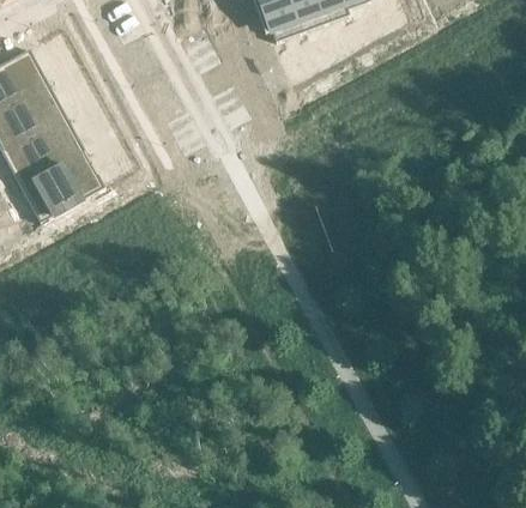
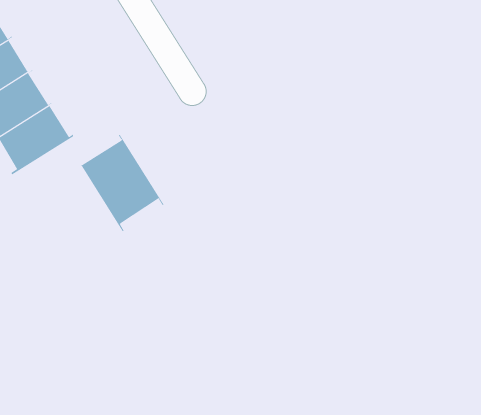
building: none -> [78,134,165,232]

